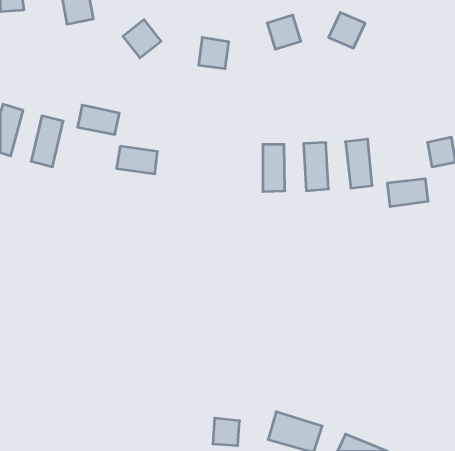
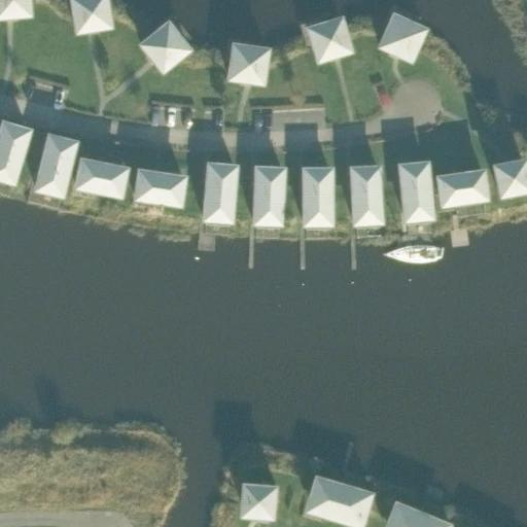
building: [78,105,119,134] -> [76,157,125,191]
building: none -> [204,163,234,218]
building: none -> [254,166,281,220]
building: [387,179,428,207] -> [437,170,485,202]

